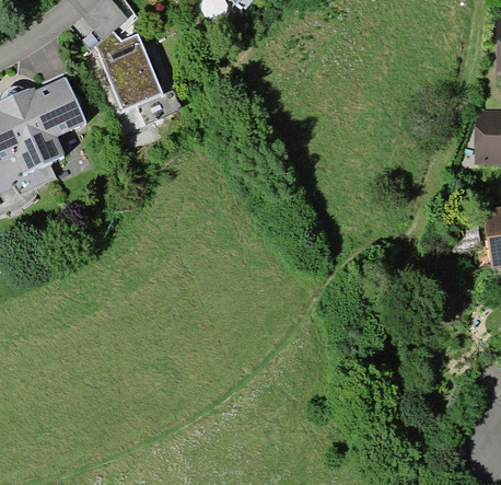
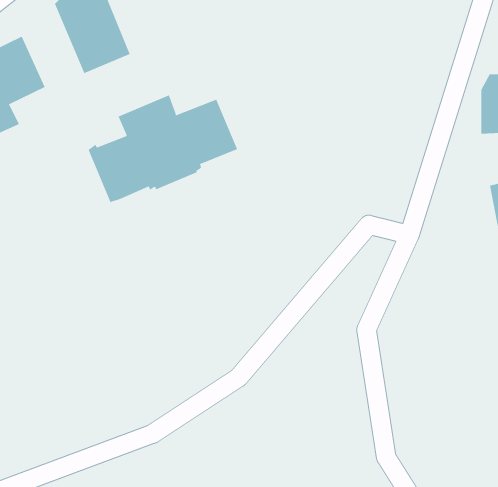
building: none -> [88,94,238,203]

